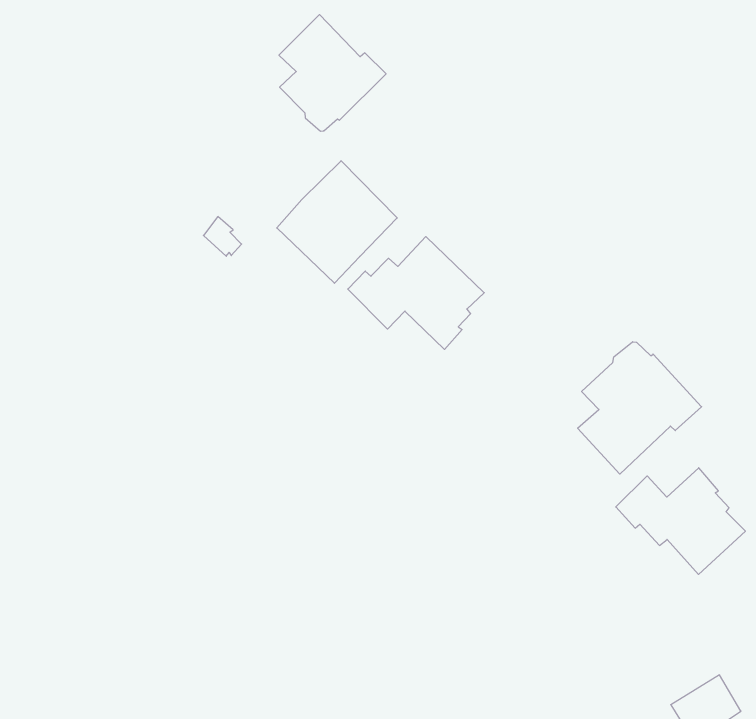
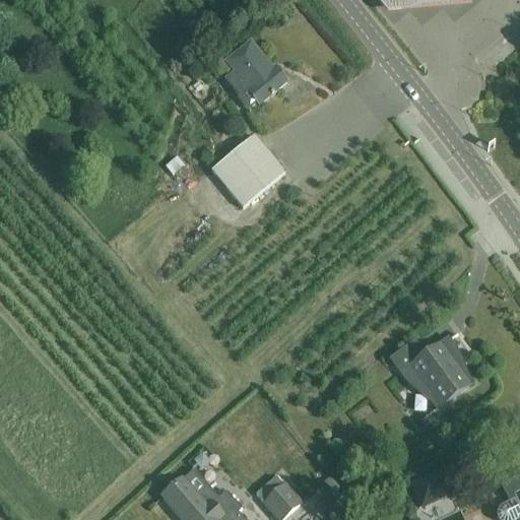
building: [348,237,484,349] -> none
building: [578,342,702,474] -> none

